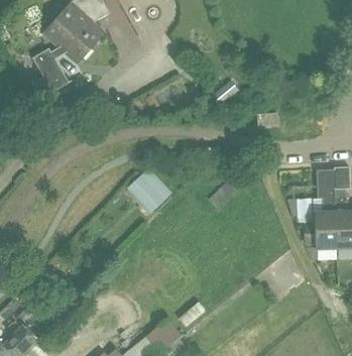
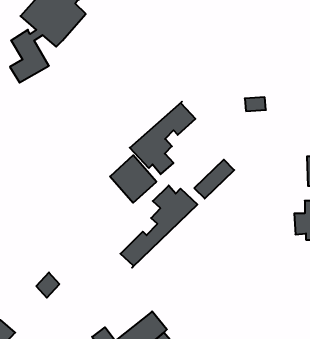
building: none -> [130,102,195,174]
building: none -> [120,185,197,268]

